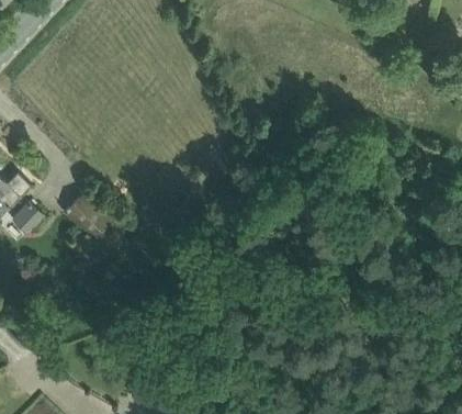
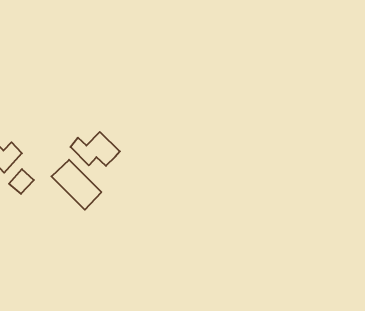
building: none -> [70,132,120,166]

